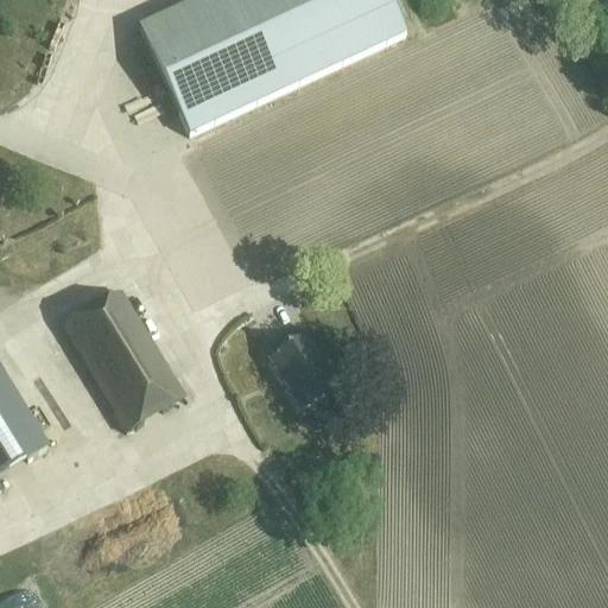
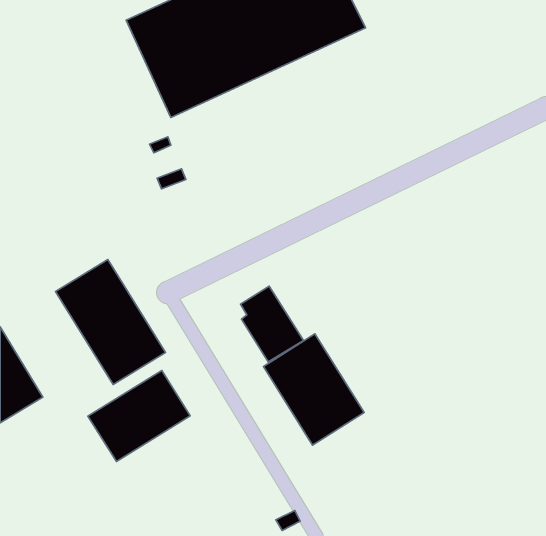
building: none -> [263,334,364,445]
building: none -> [88,371,190,461]

